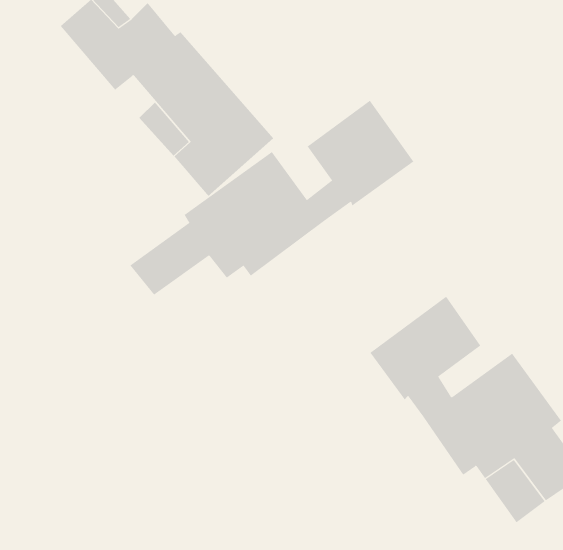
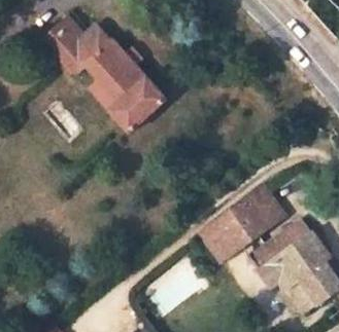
building: [130,100,414,296] -> none
building: none -> [199,220,239,262]

